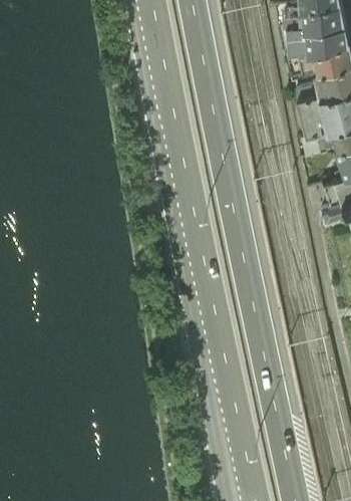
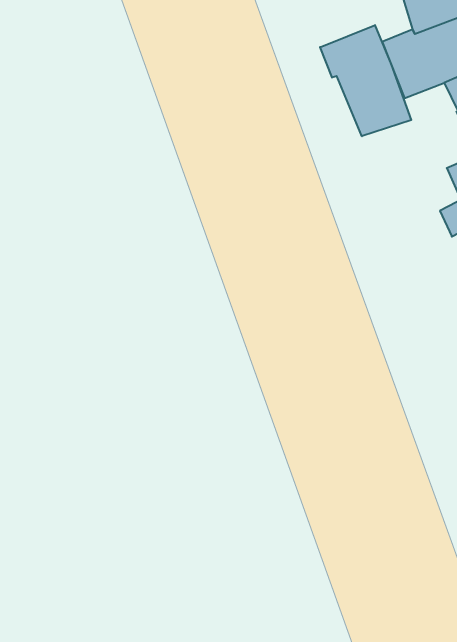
building: none -> [320,25,411,136]

